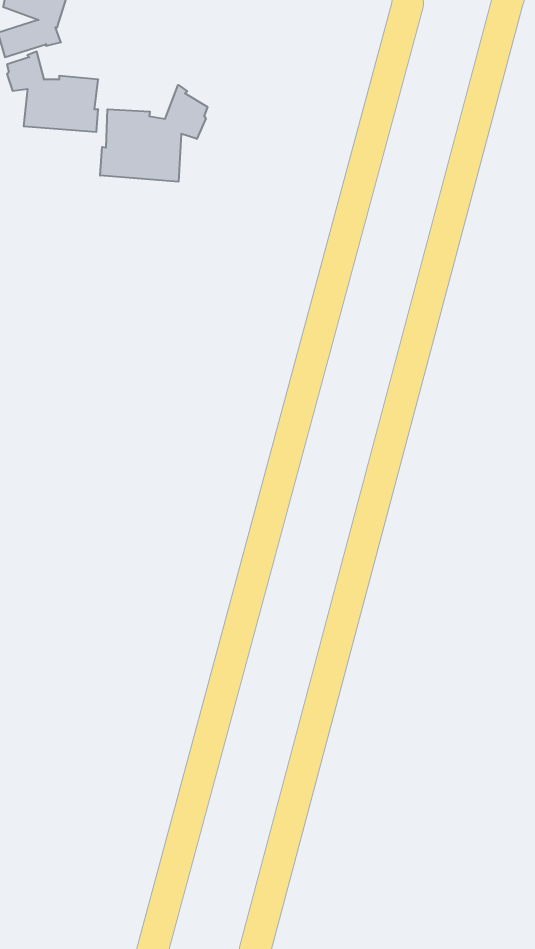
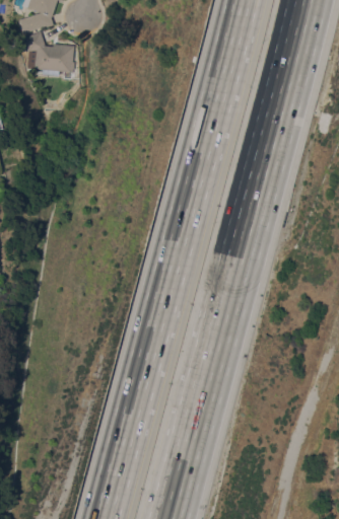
building: [100,85,207,182] -> none

